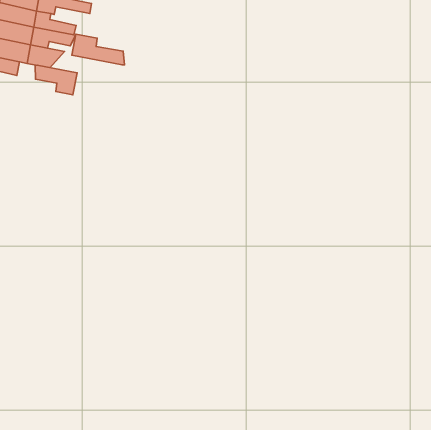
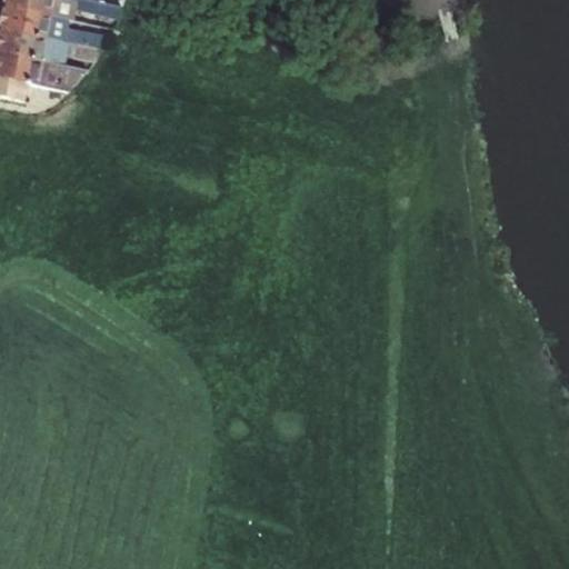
building: [72,34,124,65] -> none
building: [35,65,77,95] -> none

